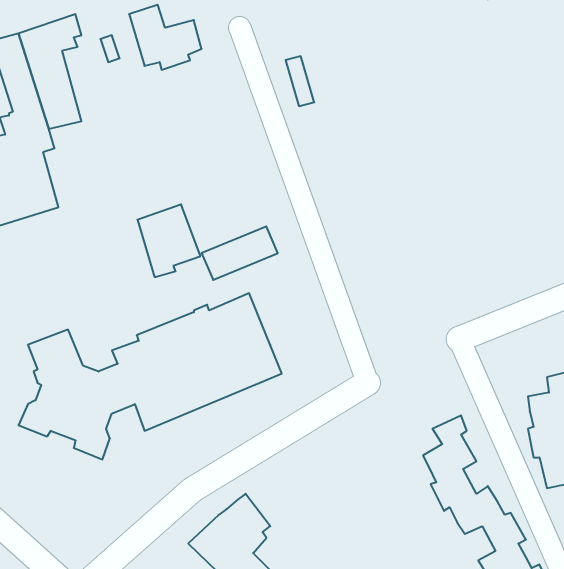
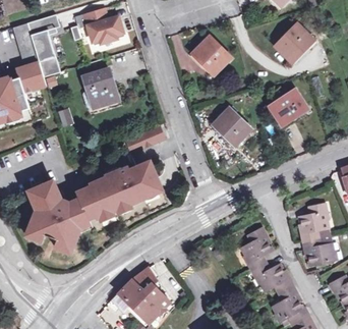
building: none -> [272,22,310,60]
building: none -> [191,35,230,72]
building: none -> [270,87,307,122]
building: none -> [213,106,249,143]
building: [137,204,200,277] -> [83,69,117,108]

